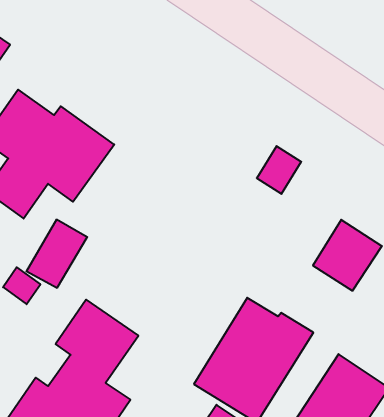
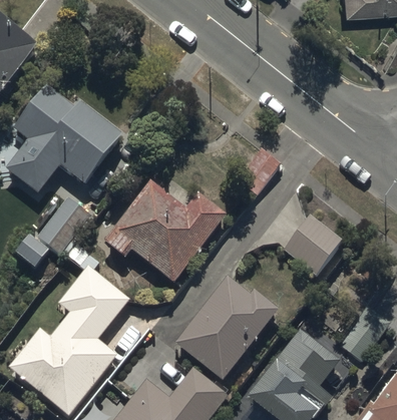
building: none -> [104,177,226,283]

